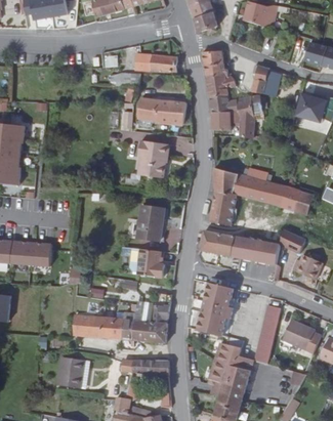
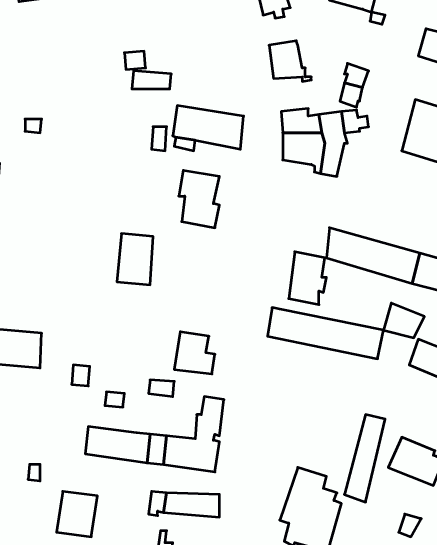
building: [133,51,177,72] -> none
building: [205,74,236,97] -> none
building: [218,170,243,197] -> none
building: [137,204,162,239] -> [117,234,153,285]
building: [198,280,235,333] -> none

